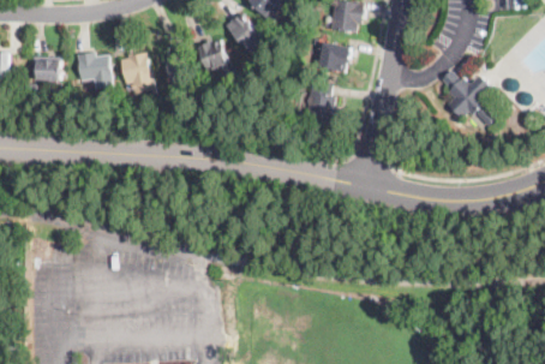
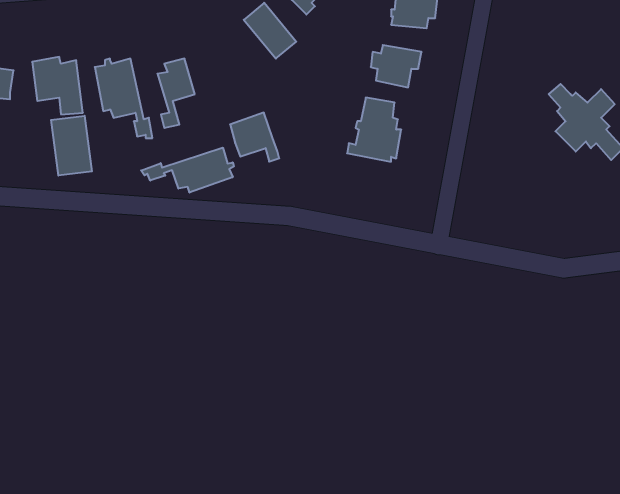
building: [196,40,230,74] -> [230,113,279,162]
building: none -> [51,116,92,176]
building: none -> [141,148,234,193]

